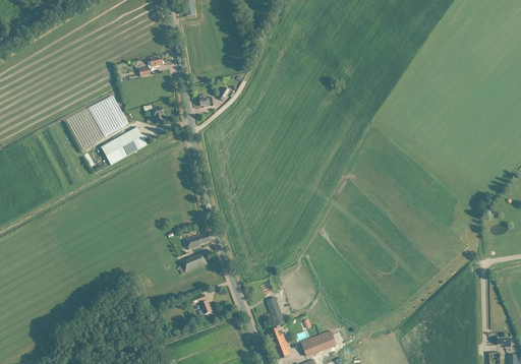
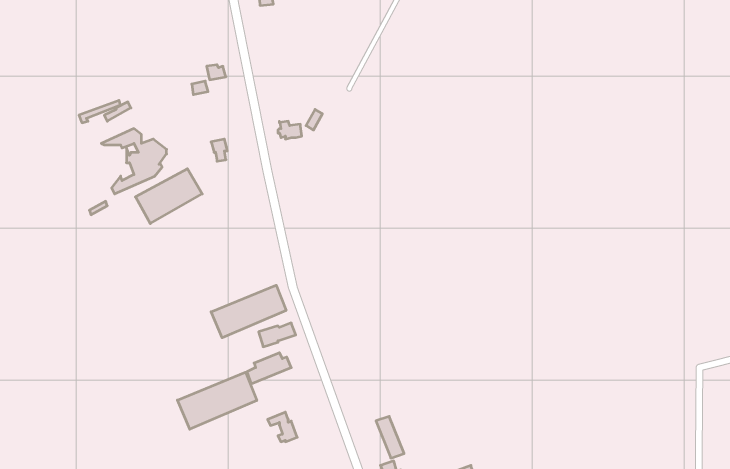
building: none -> [211,285,286,338]
building: none -> [177,372,257,429]

